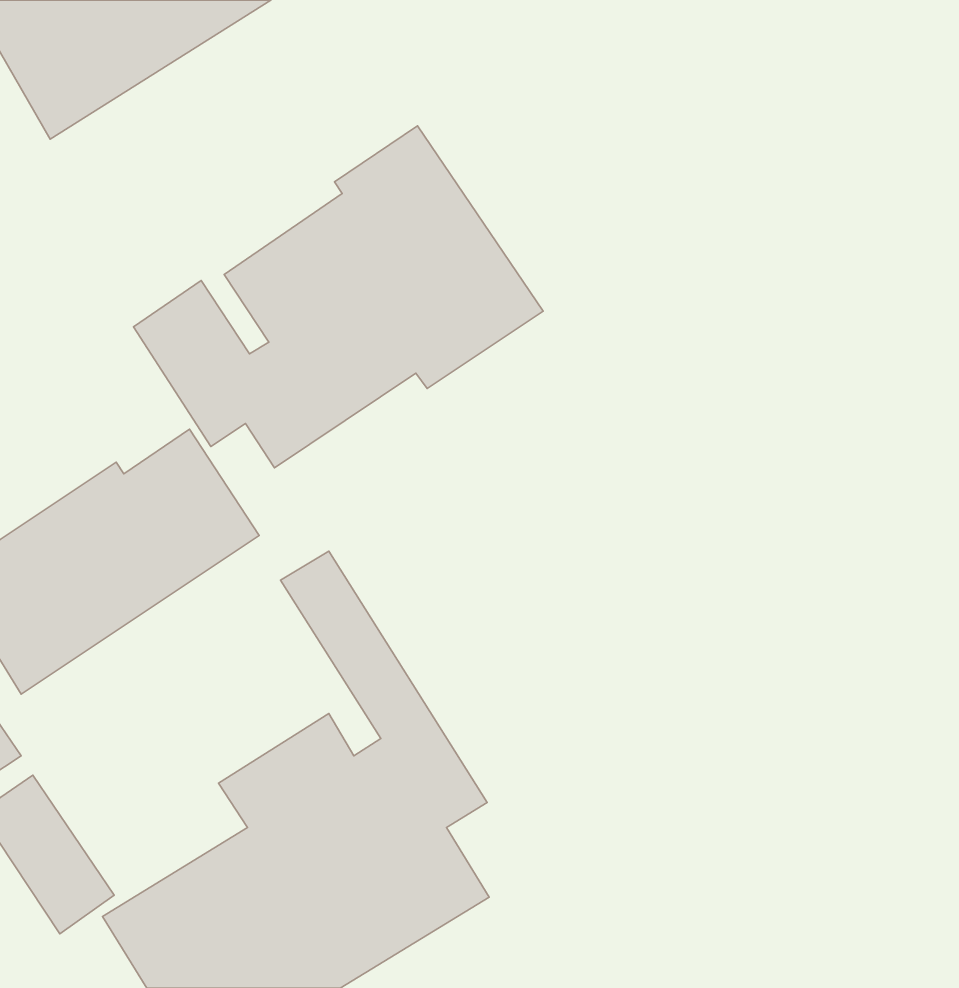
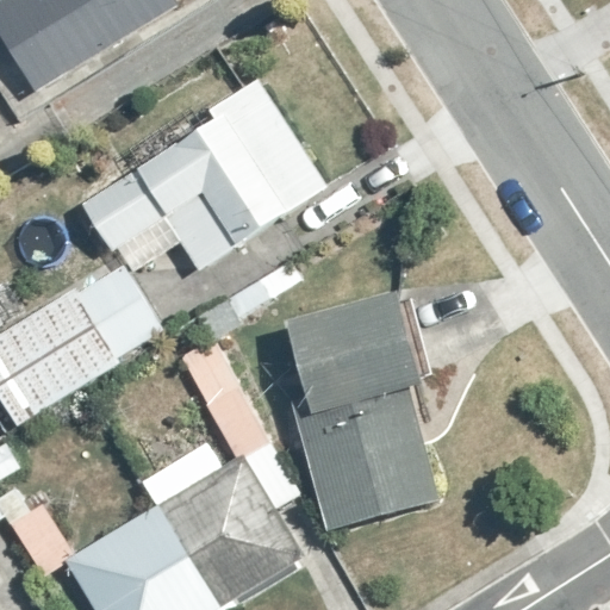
building: none -> [287,294,446,540]

